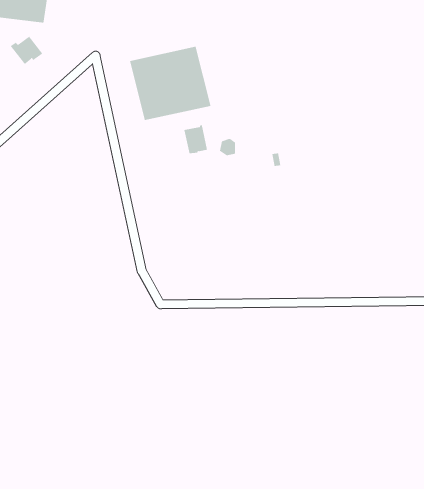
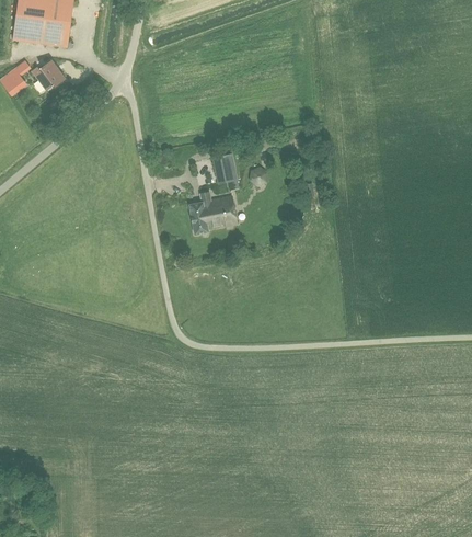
building: [129,46,211,121] -> none
building: none -> [191,195,239,233]

